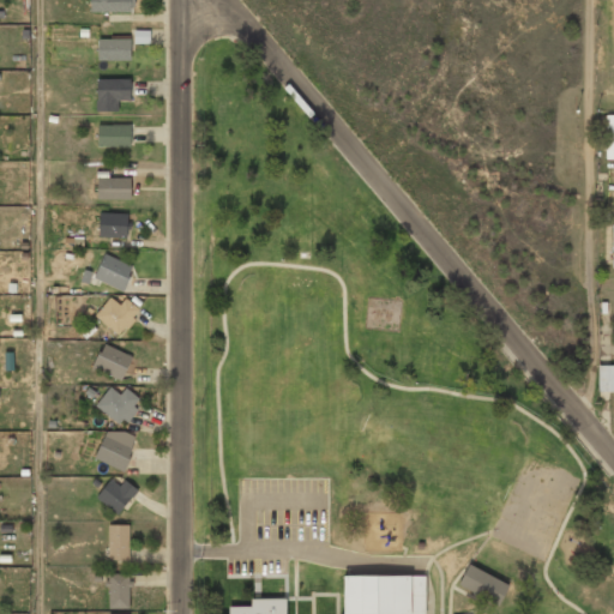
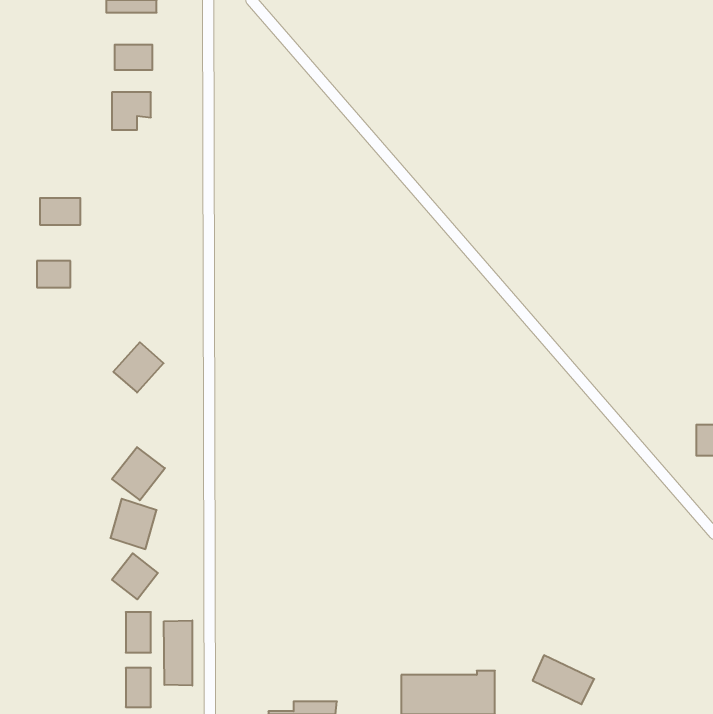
building: [98,126,132,148] -> none
building: [97,176,132,199] -> [40,198,80,225]
building: [100,213,128,236] -> [37,261,70,287]
building: [95,254,134,290] -> none
building: [92,344,133,381] -> none
building: none -> [164,620,192,686]

